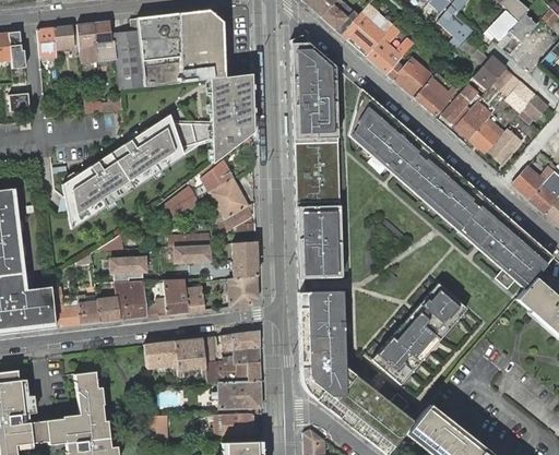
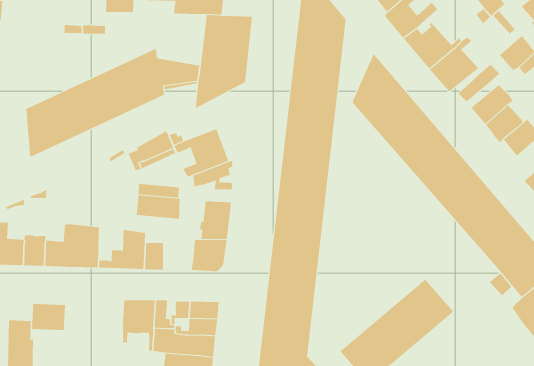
building: [201,158,234,191] -> none
building: [108,254,147,274] -> none
building: [144,340,176,367] -> [31,304,66,330]

